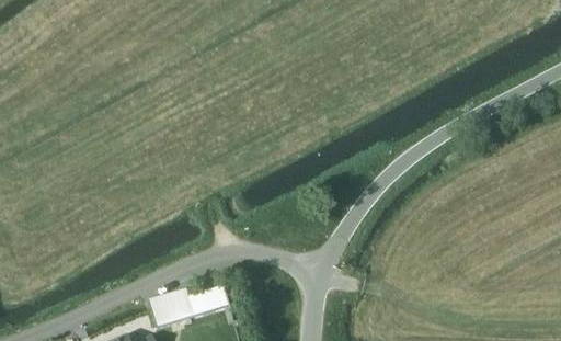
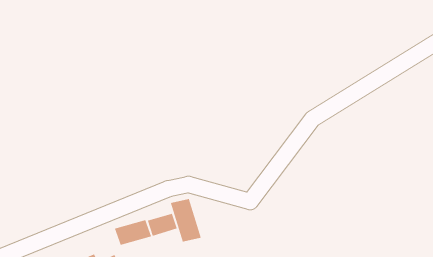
building: none -> [170,198,202,242]

